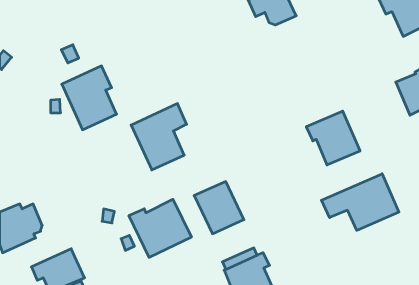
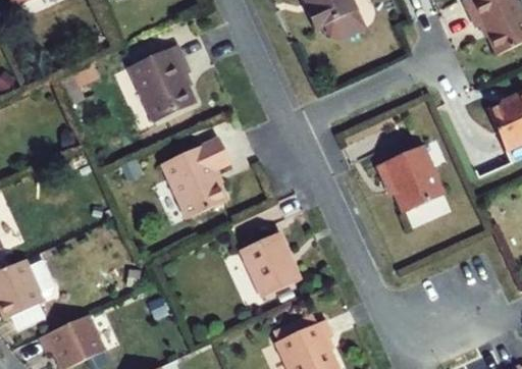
building: [62,66,117,130] -> [128,44,196,122]
building: [321,174,399,230] -> none
building: [129,199,191,257] -> none

